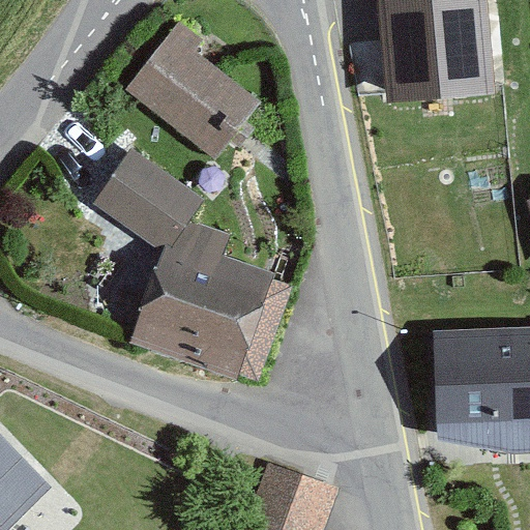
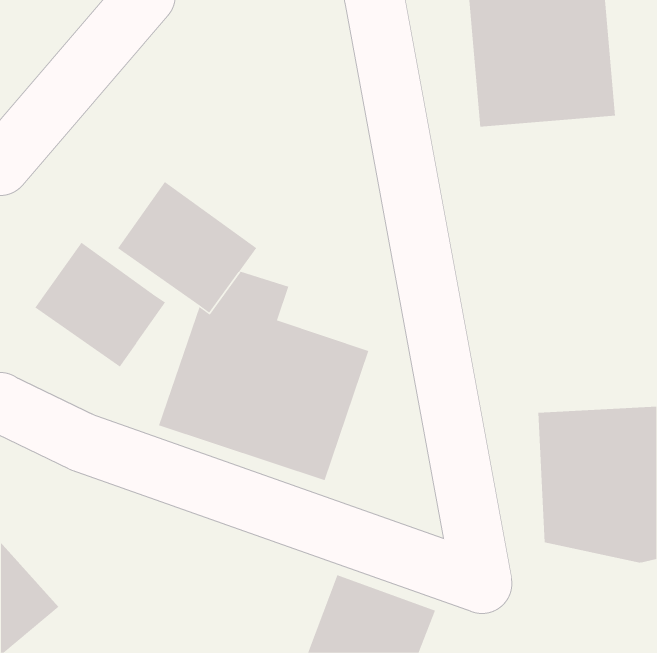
building: [125,20,260,158] -> none
building: none -> [34,242,166,368]

